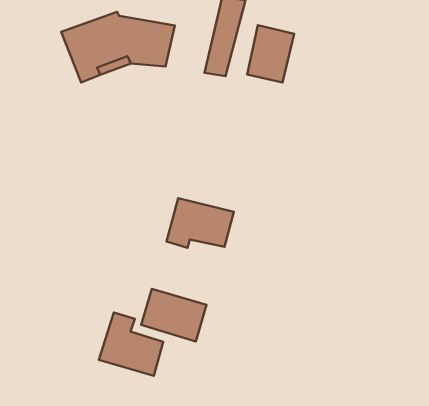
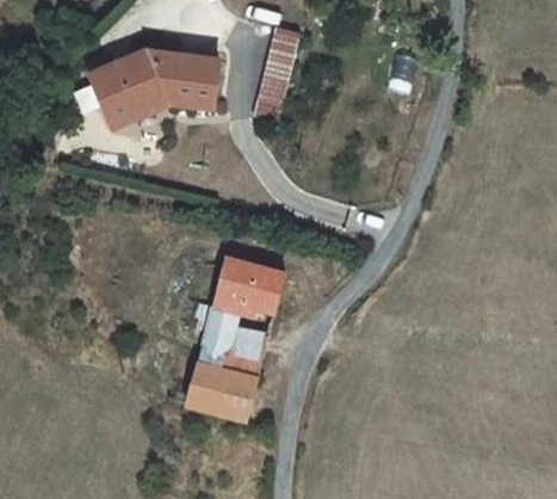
building: [247,25,294,83] -> none
building: [99,312,163,376] -> [194,307,267,378]

